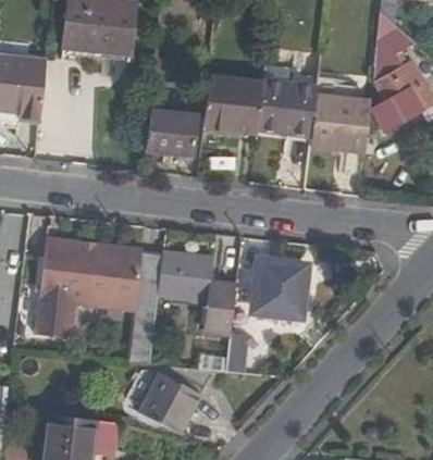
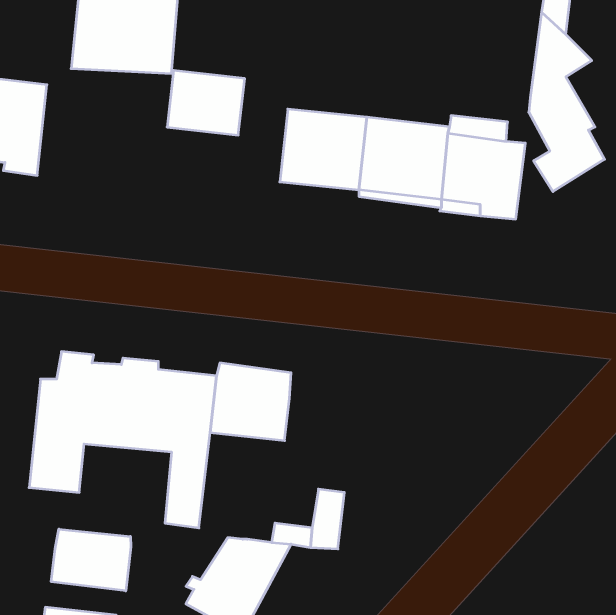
building: [146,111,198,154] -> [167,70,245,135]
building: [256,261,305,314] -> none
building: [207,271,237,320] -> none
building: none -> [51,529,131,591]

